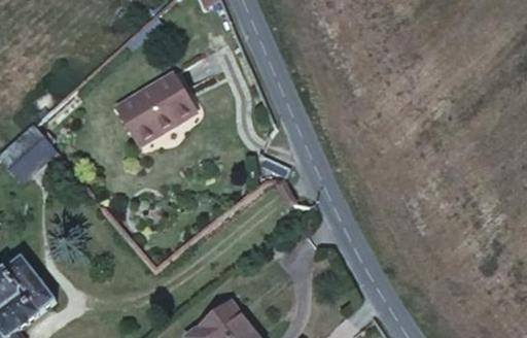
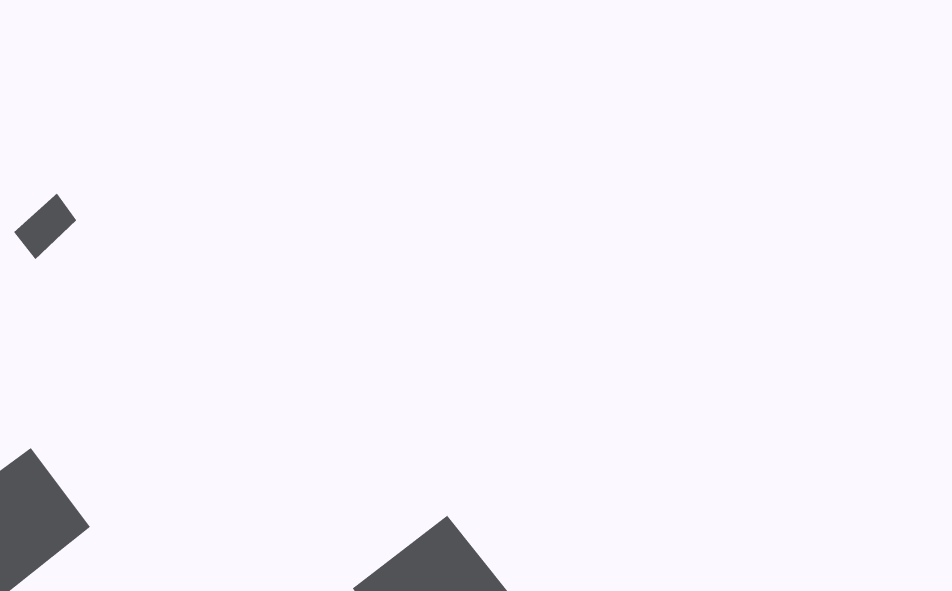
building: [115,79,192,151] -> none

